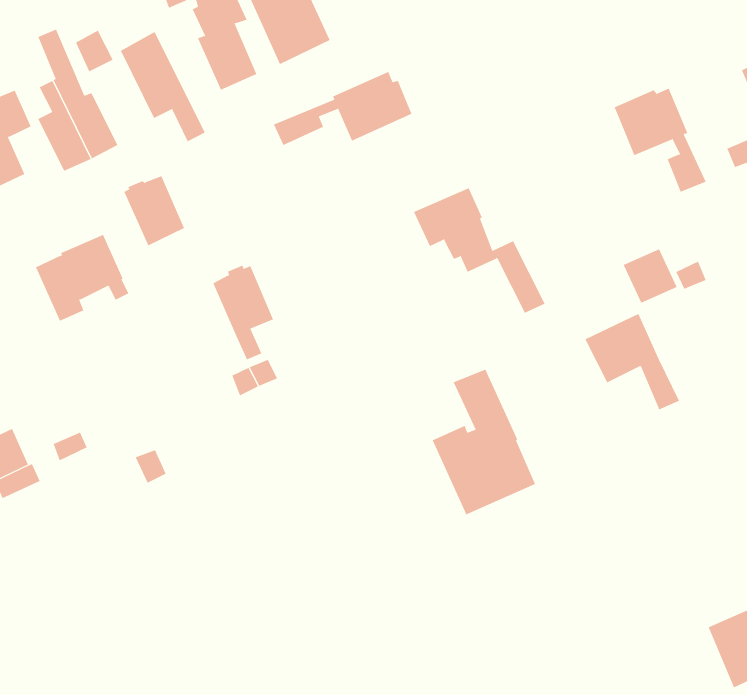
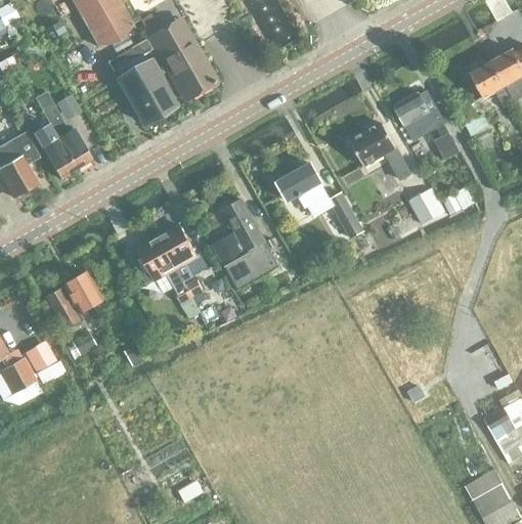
building: [120,31,206,142] -> none
building: [273,71,412,146] -> none
building: [123,176,185,246] -> [136,238,176,282]
building: [35,234,129,321] -> [46,272,105,329]
building: [584,313,680,410] -> [350,123,412,181]
building: [432,369,536,515] -> [213,199,279,290]

